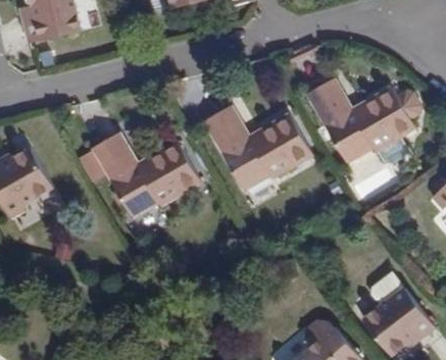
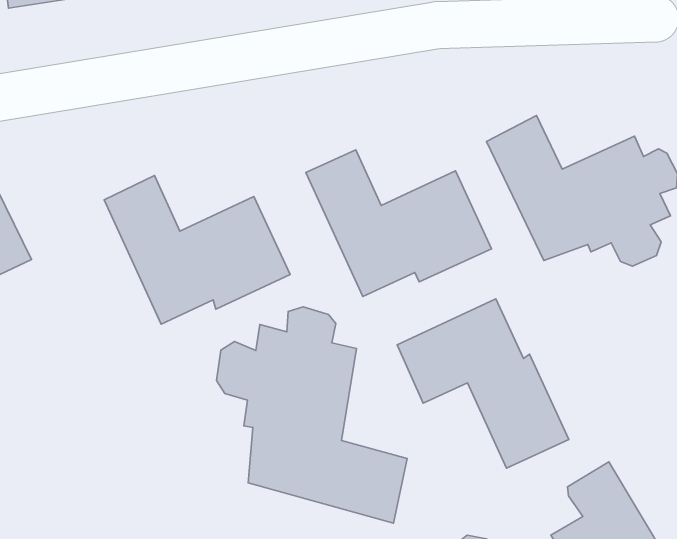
building: none -> [397,299,569,468]
building: none -> [216,307,407,523]

